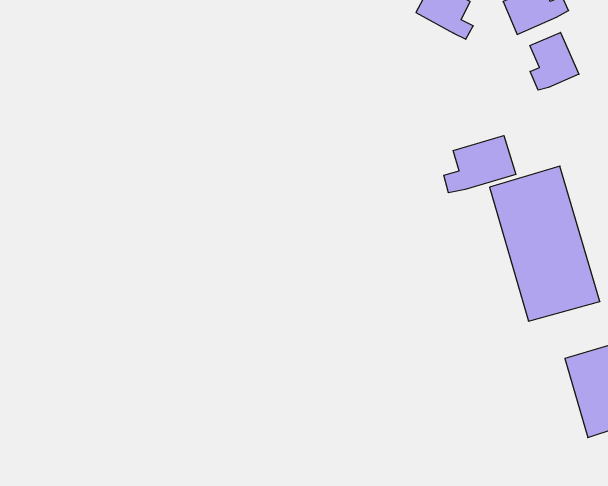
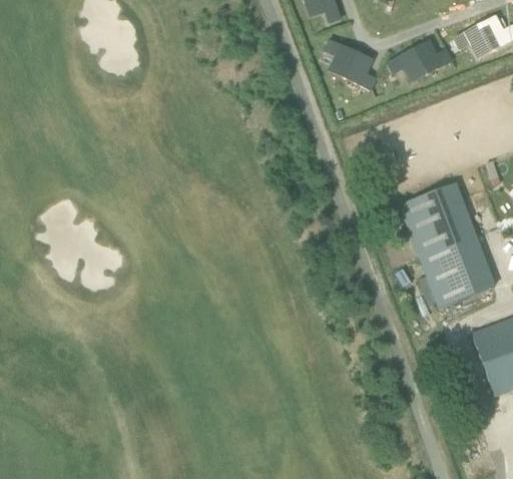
building: [530,32,579,90] -> none
building: [444,136,516,193] -> none

